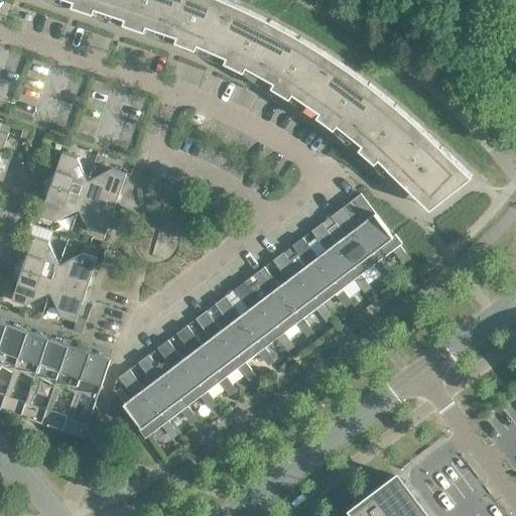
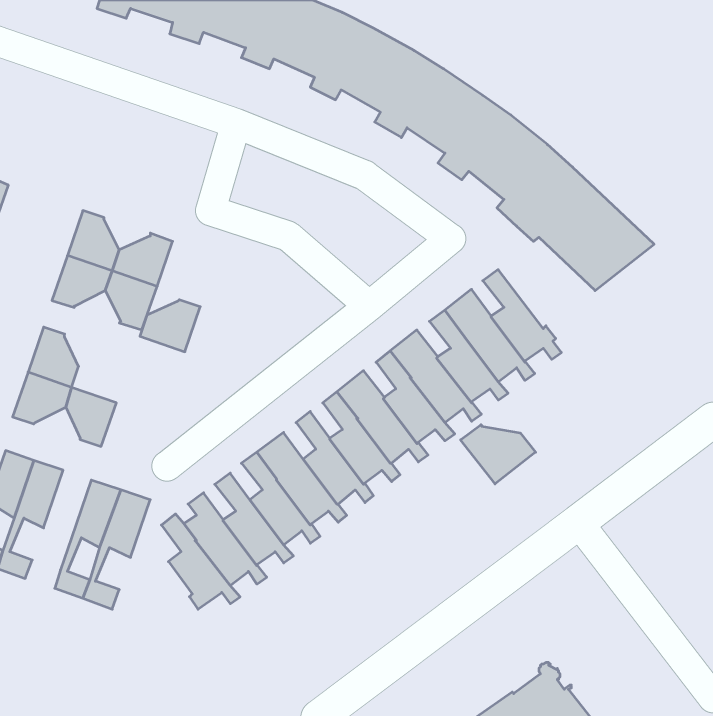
building: [51,253,95,290] -> [140,300,200,352]
building: none -> [461,425,536,484]
building: [18,339,66,423] -> none

